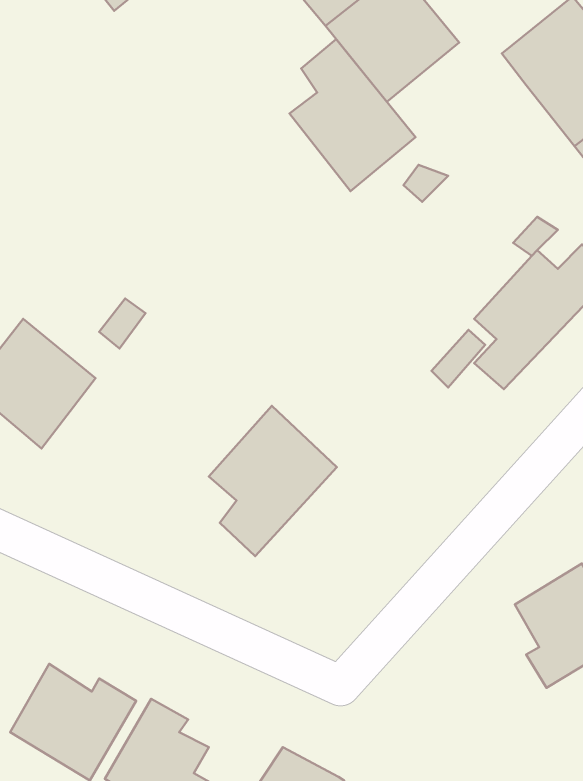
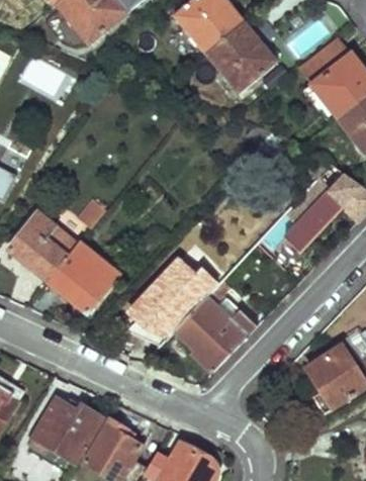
building: [290,39,415,191] -> none
building: none -> [50,244,117,312]
building: none -> [176,278,259,372]

